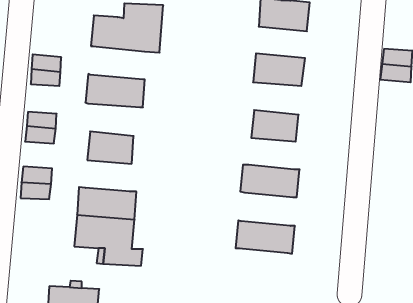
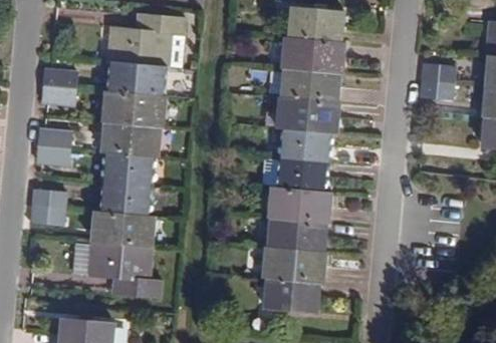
building: none -> [282,38,345,72]
building: none -> [105,59,165,95]
building: none -> [276,97,340,134]
building: none -> [100,121,160,156]
building: none -> [277,158,328,193]
building: none -> [100,183,151,217]
building: none -> [269,218,325,254]
building: none -> [264,278,319,313]

